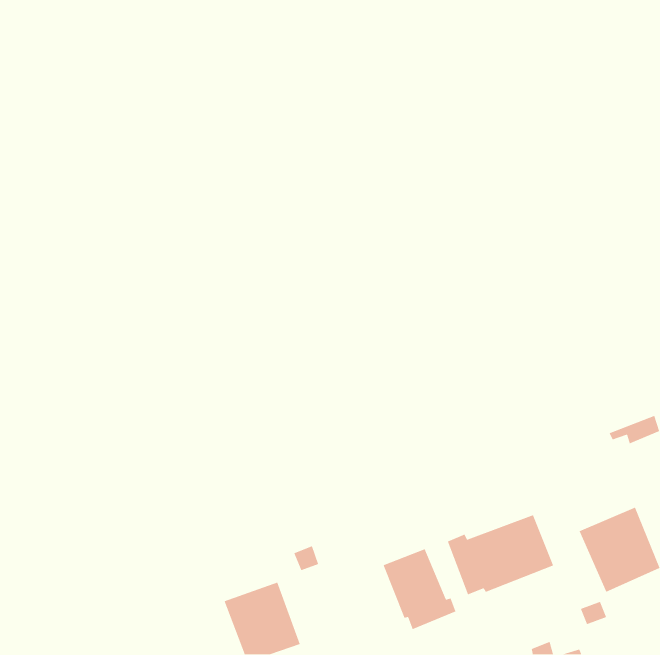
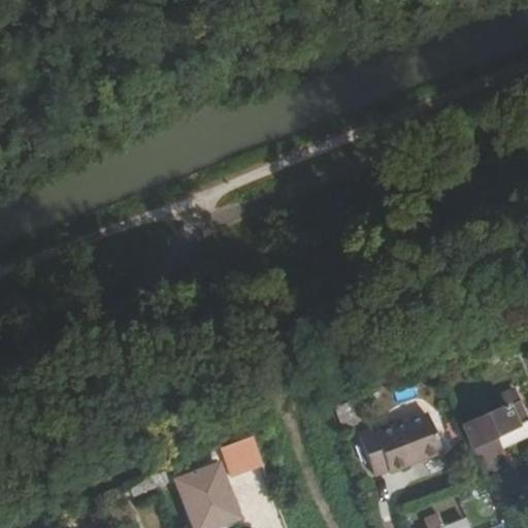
building: [383,548,456,630] -> none

